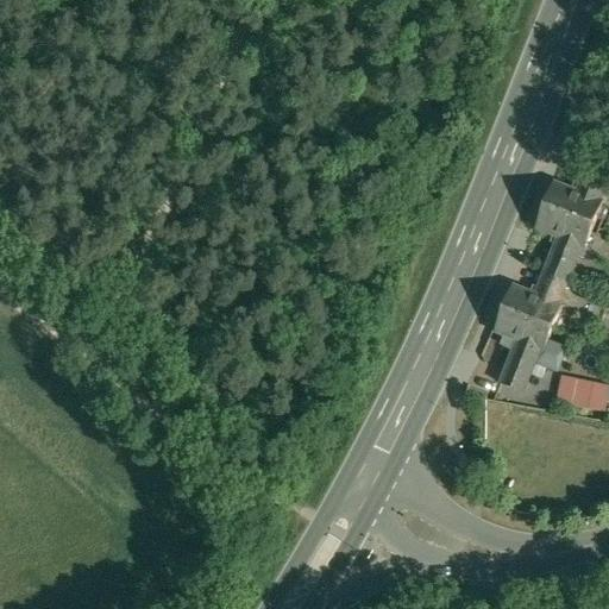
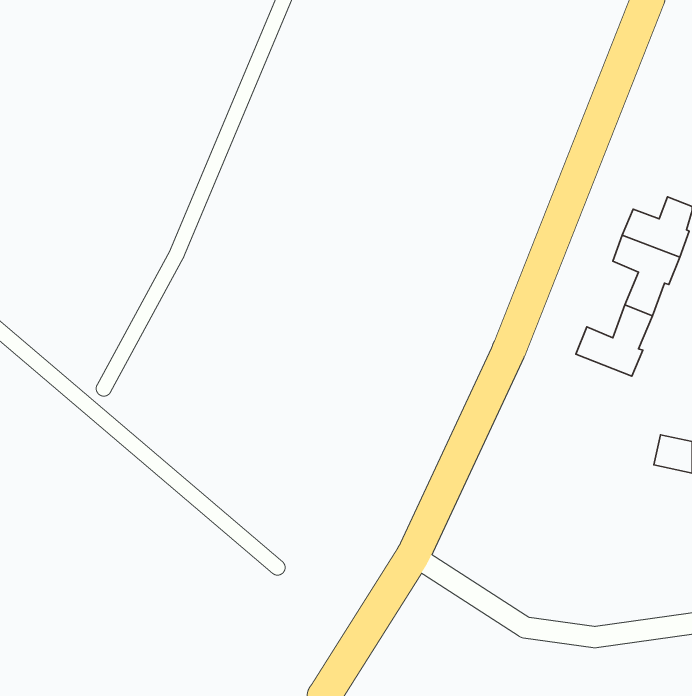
building: [491,308,563,393] -> none

